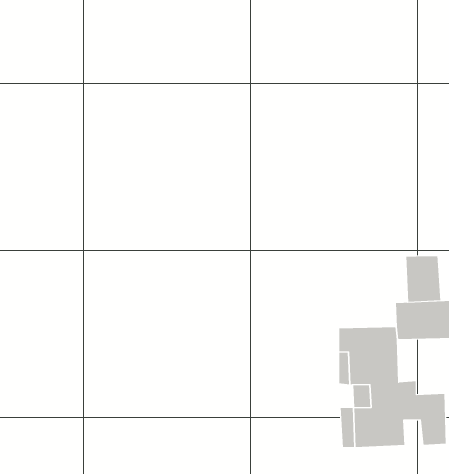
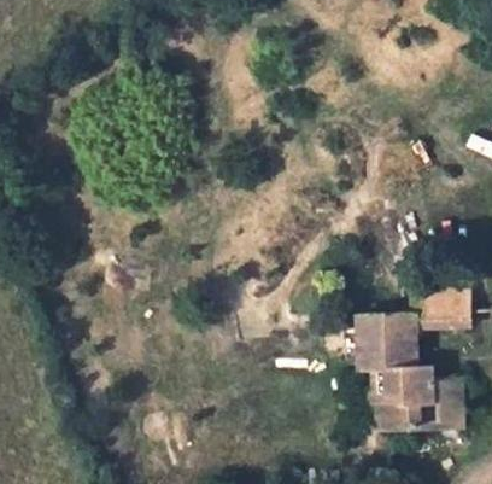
building: [406,255,441,302] -> none

